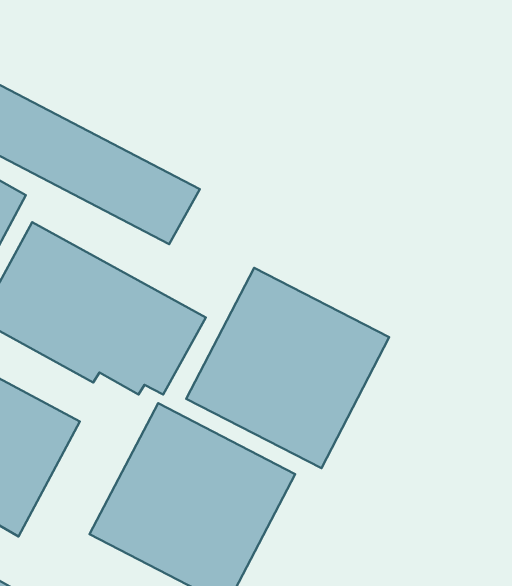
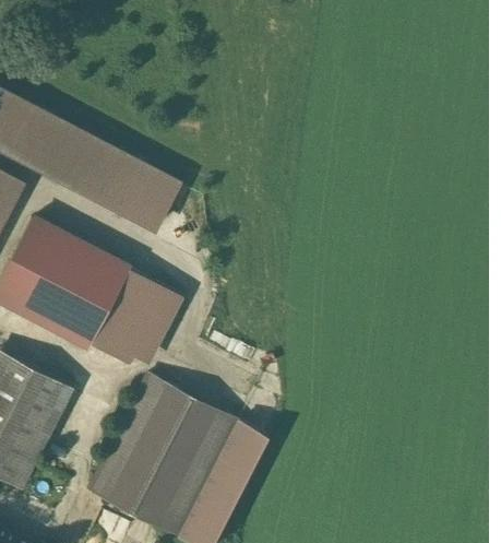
building: [186,268,389,468] -> none

